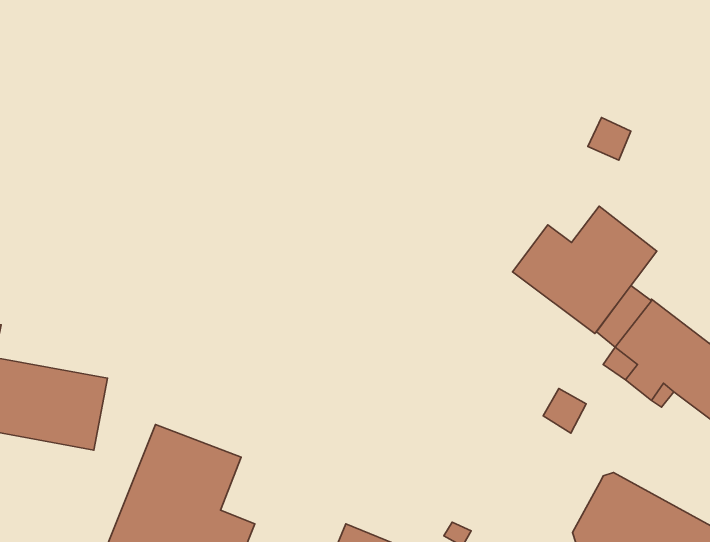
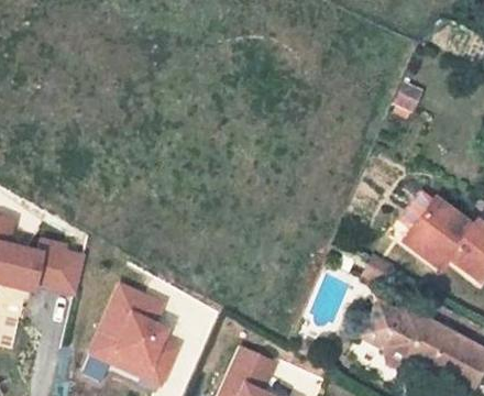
building: [513,206,657,334] -> none
building: none -> [360,304,403,349]

